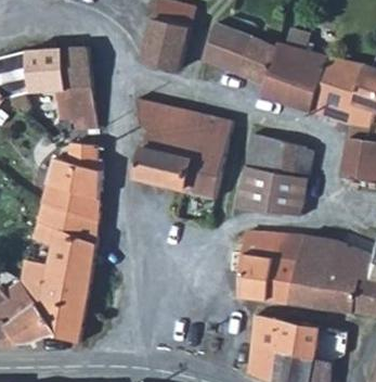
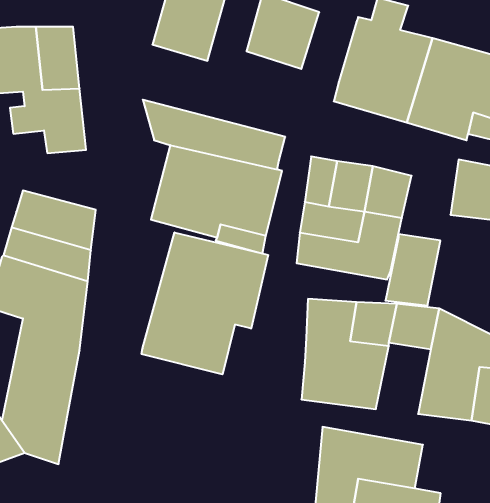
building: [239,38,276,85] -> none
building: none -> [142,232,268,374]
building: [289,259,326,307] -> [385,234,440,305]

